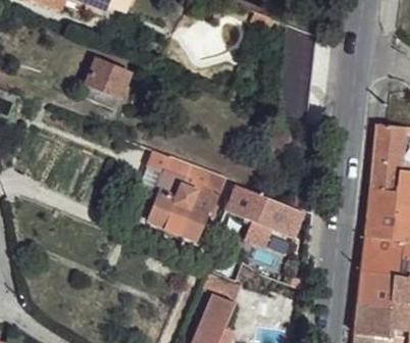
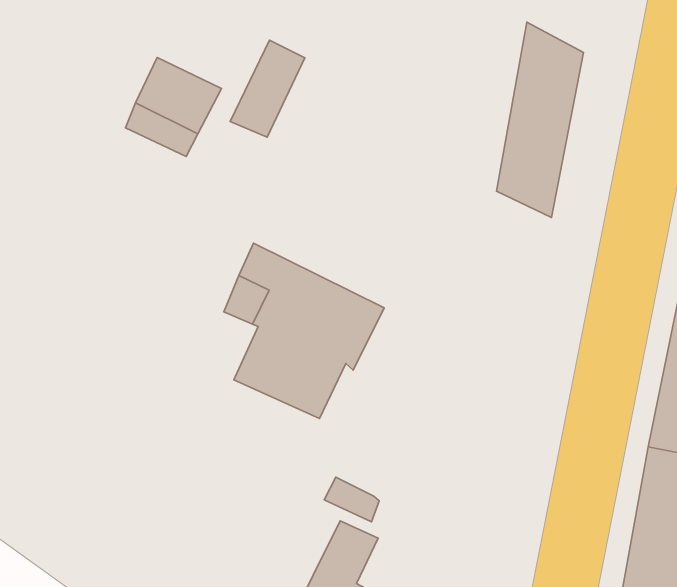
building: none -> [230,40,305,137]
building: [222,186,301,241] -> none

